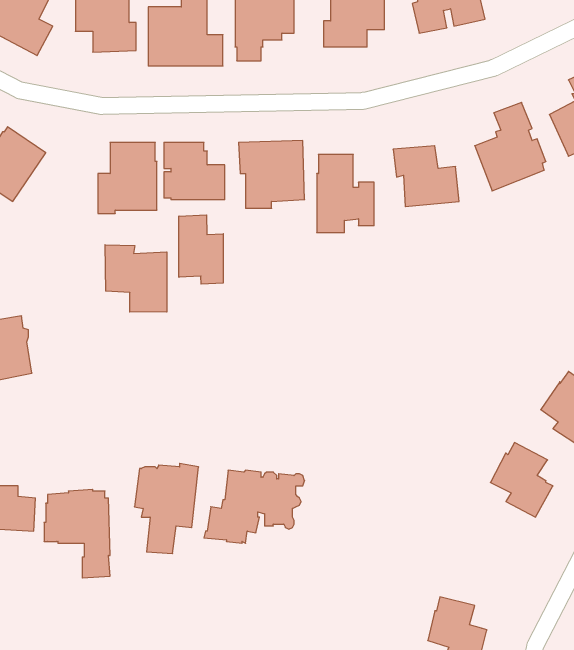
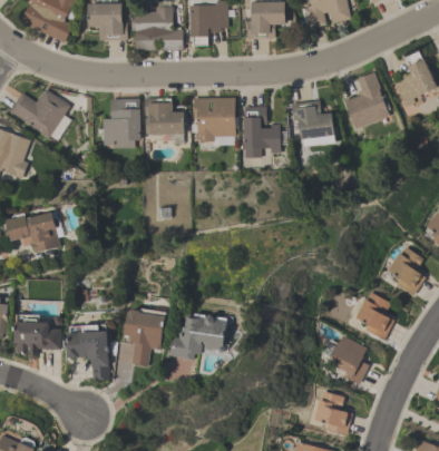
building: [179,215,223,284] -> none
building: [105,245,167,312] -> none
building: none -> [328,335,369,384]

